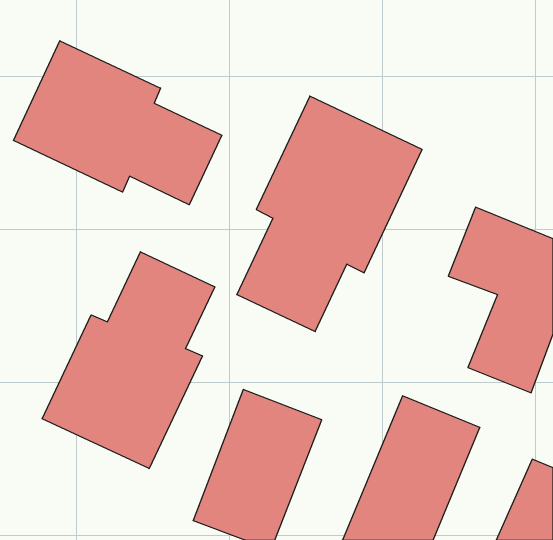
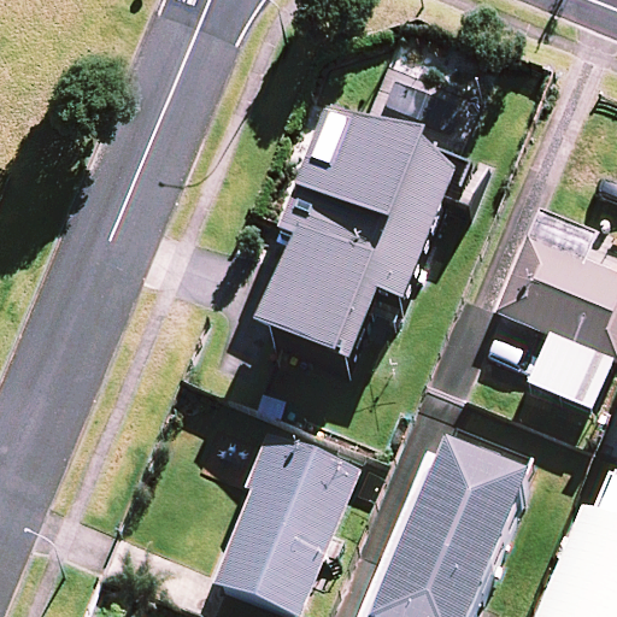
building: [13,41,222,205] -> none
building: [42,252,215,469] -> none

